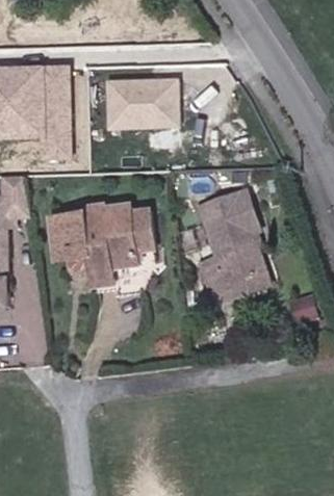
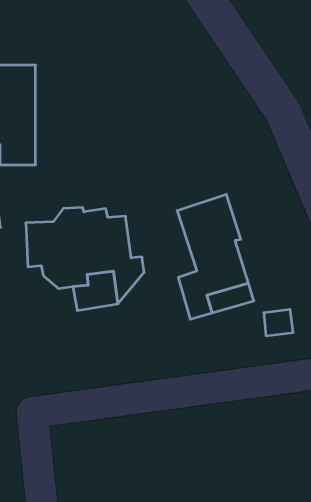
building: [95,77,175,142] -> none

